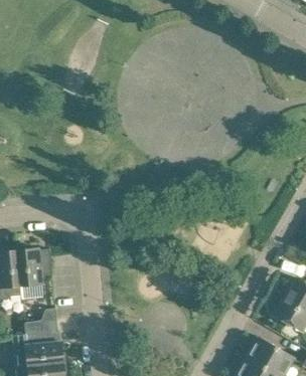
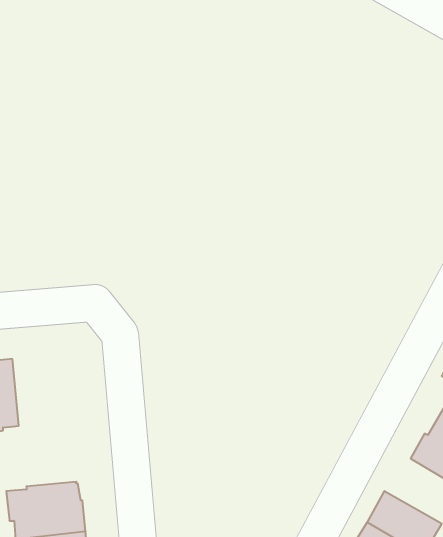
building: [15,248,51,294] -> none
building: [23,308,56,333] -> none

